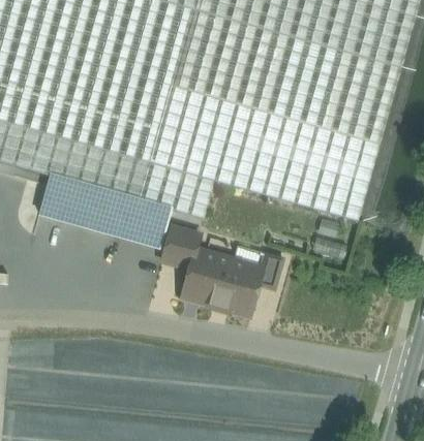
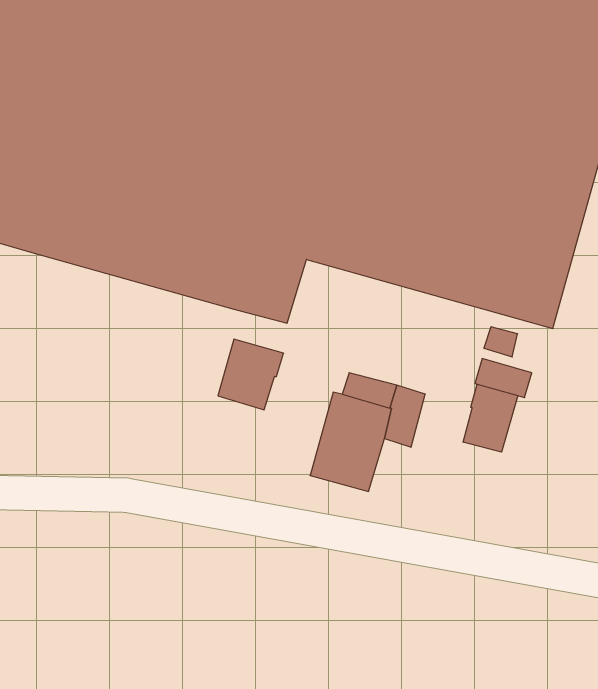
building: [42,178,172,248] -> none
building: [182,250,230,308] -> none
building: none -> [463,384,518,452]

